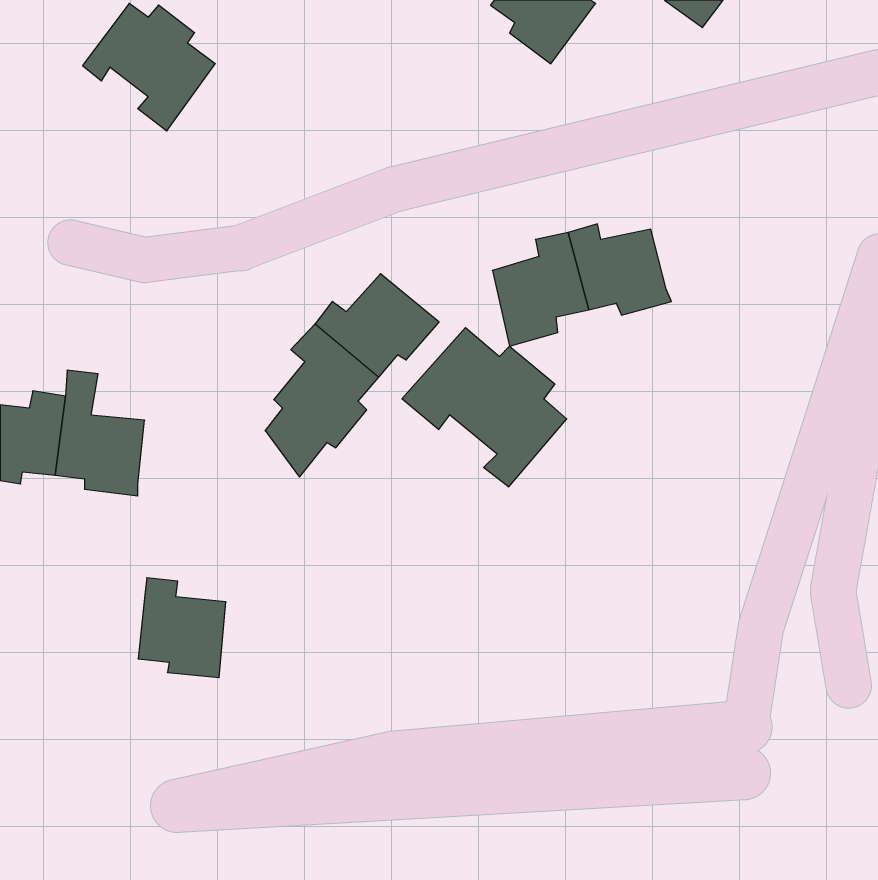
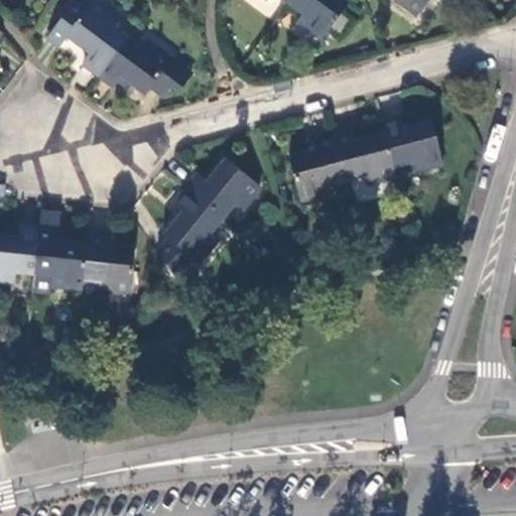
building: none -> [99,37,189,97]
building: none -> [380,118,440,171]
building: [402,328,567,487] -> none
building: [138,578,226,678] -> [82,236,133,294]

